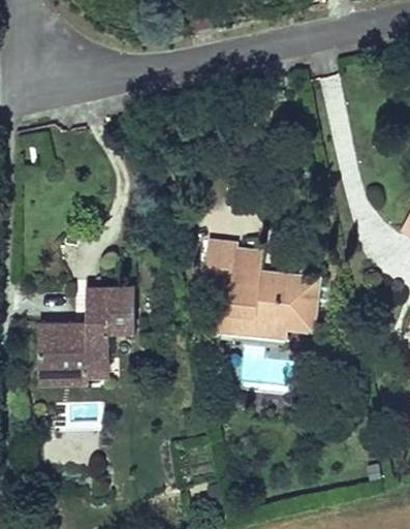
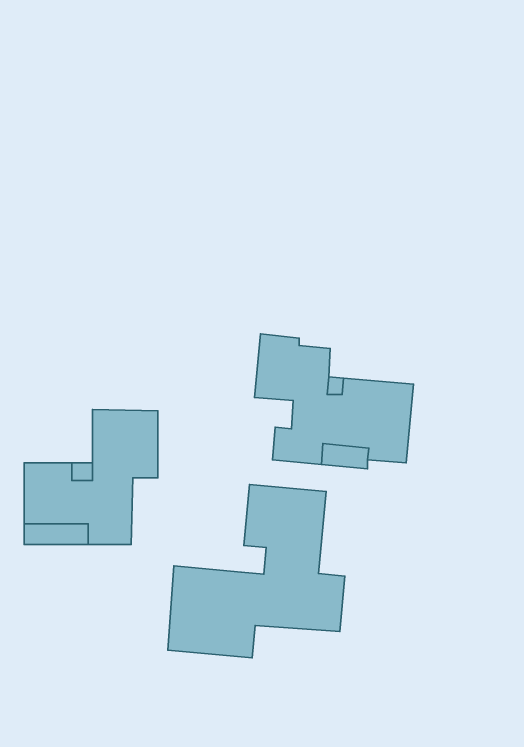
building: none -> [168,484,345,658]

